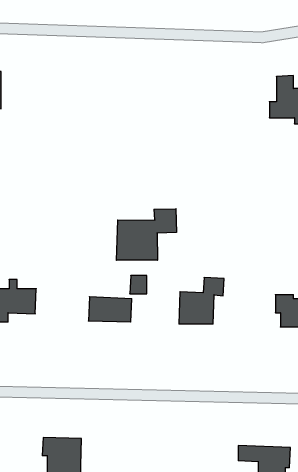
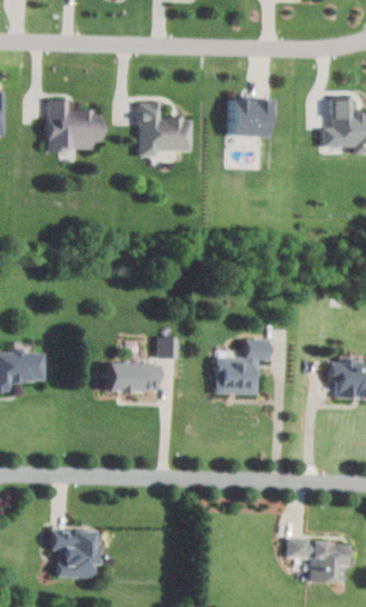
building: none -> [47,101,101,150]
building: none -> [230,101,275,137]
building: none -> [138,102,191,157]
building: [116,209,176,260] -> none

